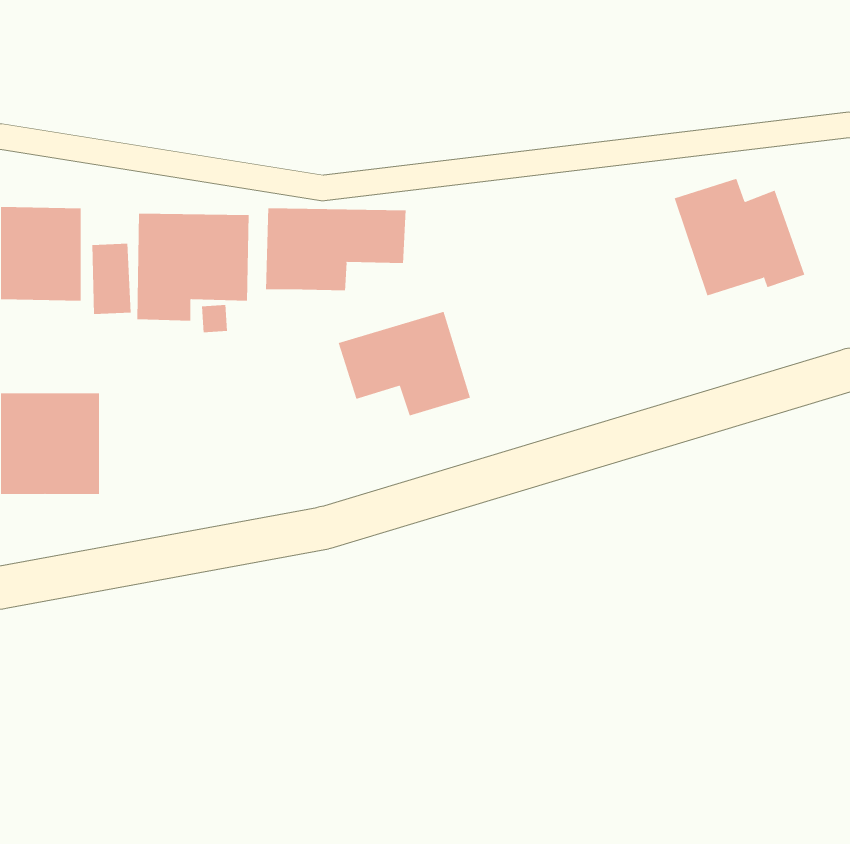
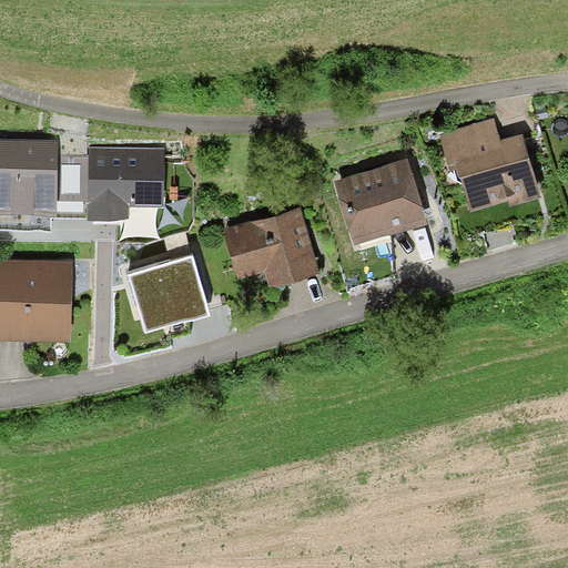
building: [265,208,406,291] -> none
building: none -> [339,166,423,237]
building: none -> [131,254,206,326]

